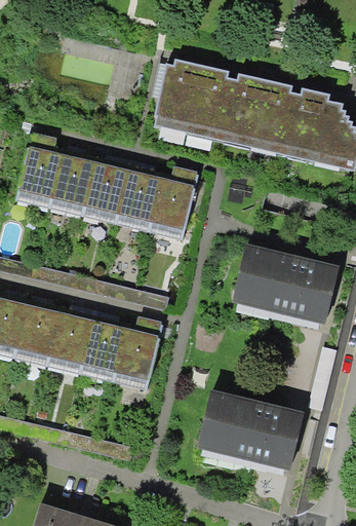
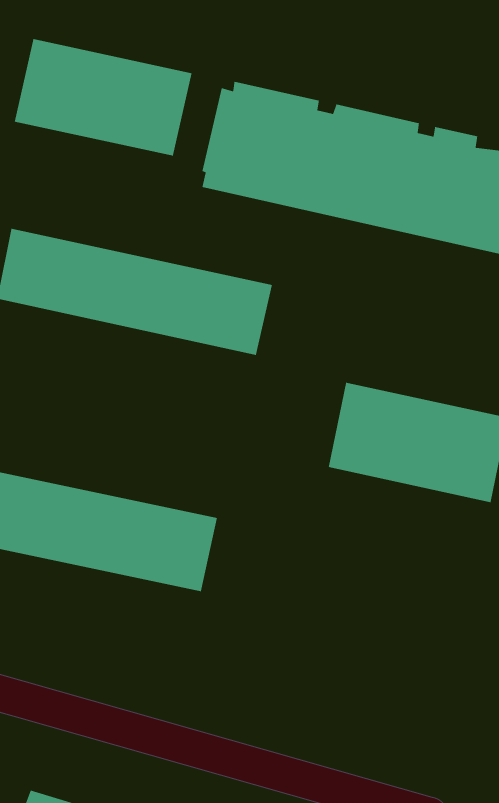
building: none -> [14,38,192,157]
building: [199,393,305,466] -> none

